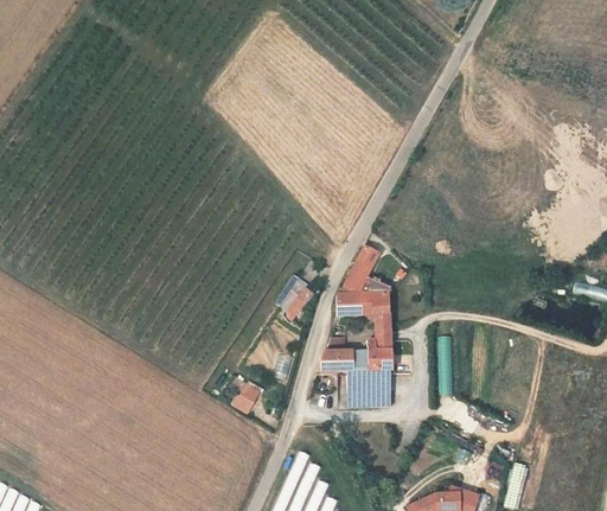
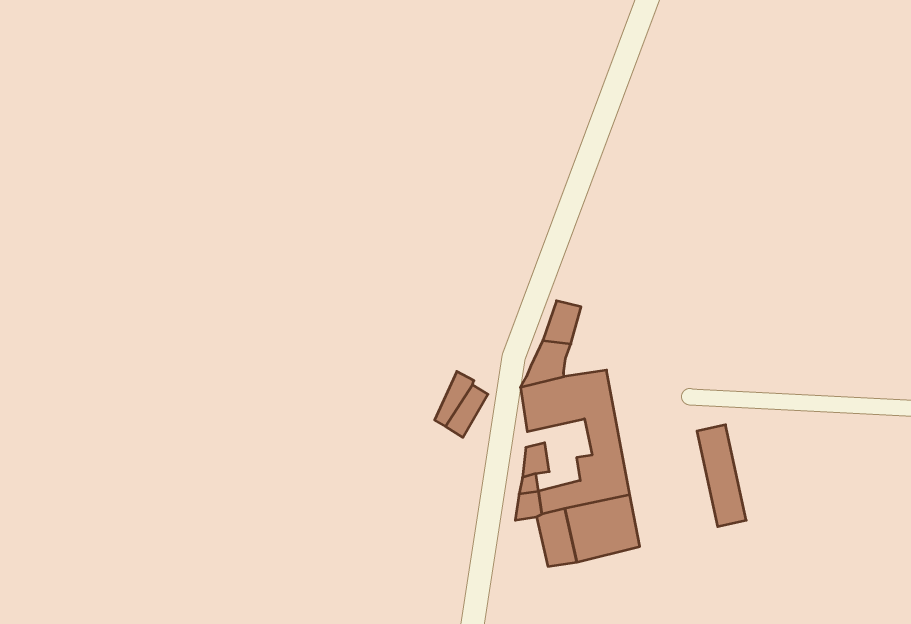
building: [230,379,261,413] -> none

